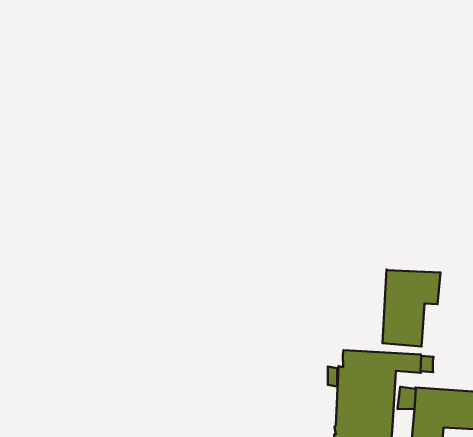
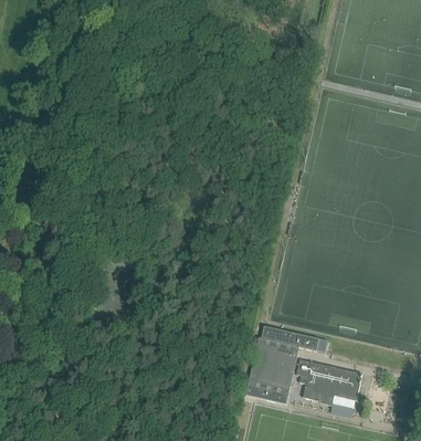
building: [382,270,441,347] -> none

